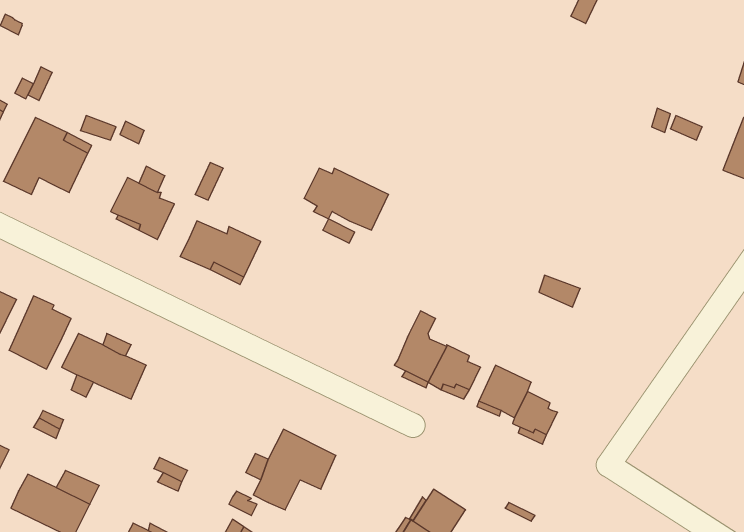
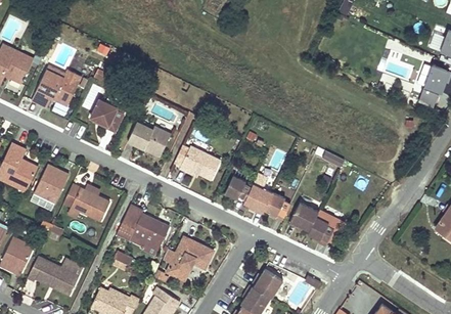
building: [304,168,389,230] -> [174,145,220,179]
building: none -> [224,174,251,198]
building: none -> [116,205,169,256]

